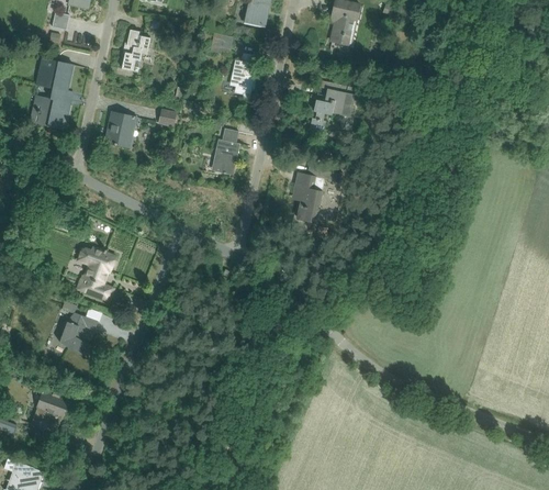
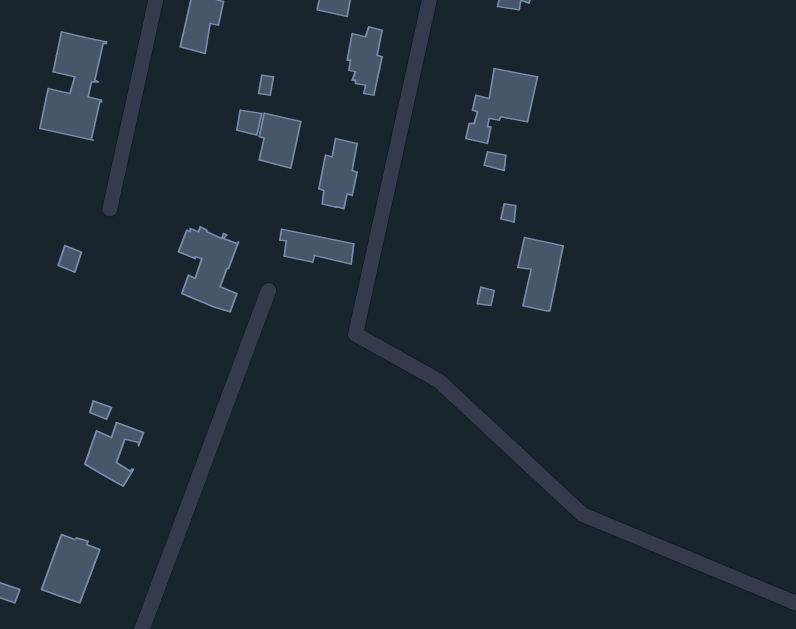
building: [109,112,136,148] -> [259,113,301,168]
building: [294,174,324,222] -> [518,237,563,311]
building: none -> [280,229,354,264]
building: [76,245,115,301] -> [178,227,239,312]

